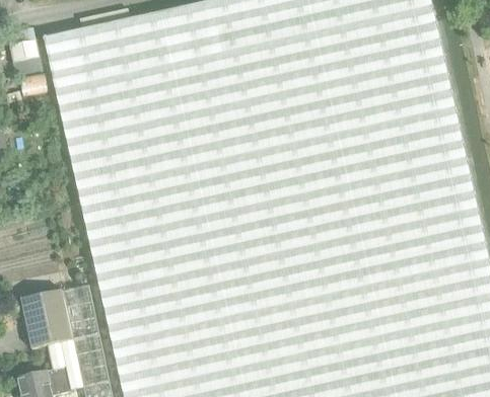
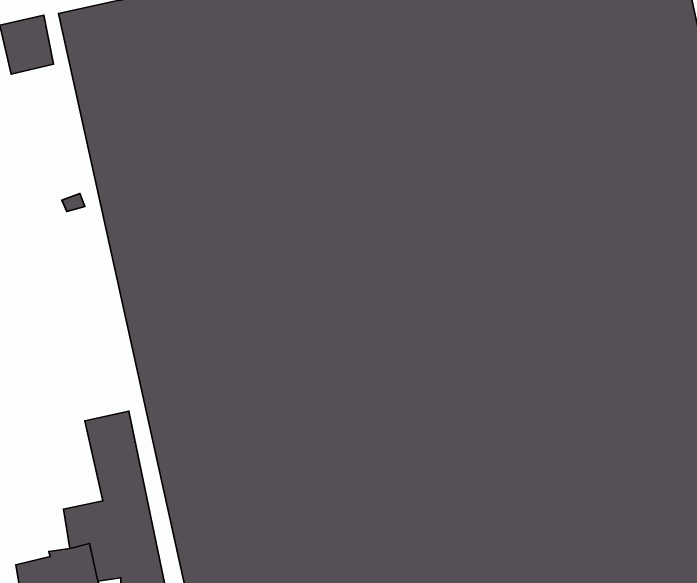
building: [21,293,73,350] -> none

